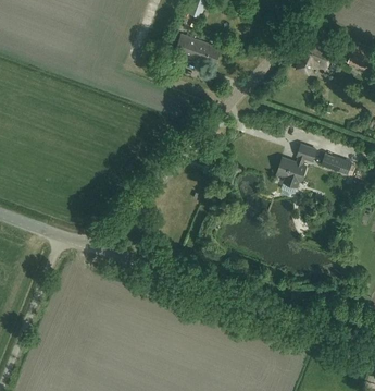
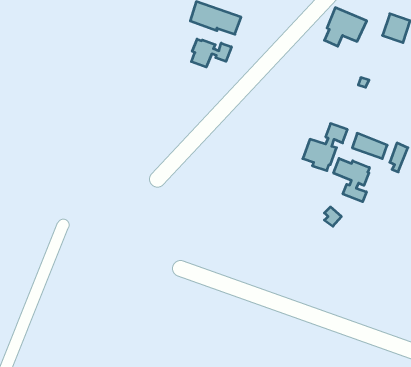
building: none -> [191,39,231,67]
building: none -> [334,158,369,202]

